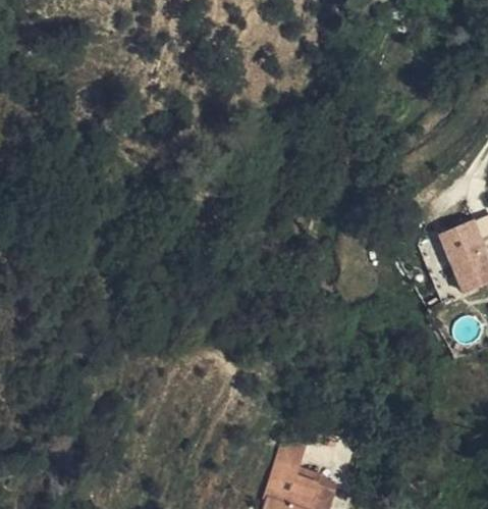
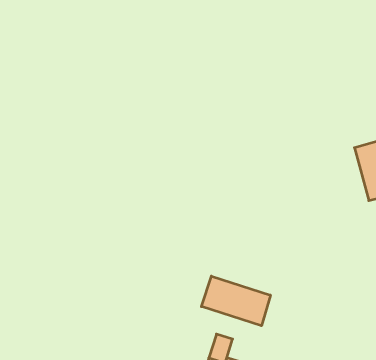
building: none -> [201,276,270,326]

